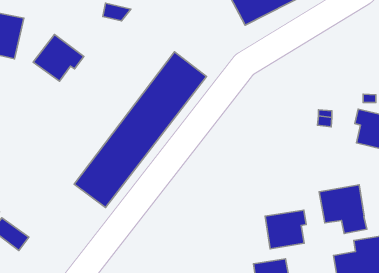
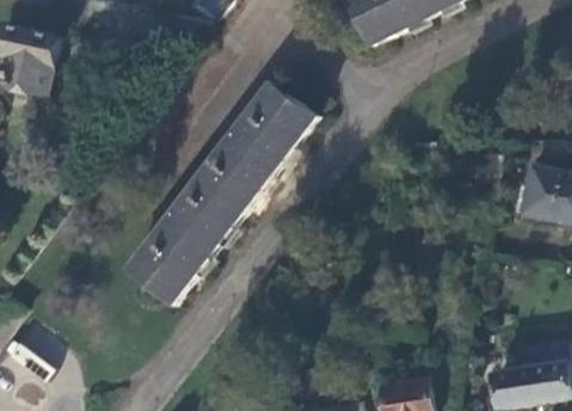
building: [33,34,84,81] -> none
building: [319,185,367,234] -> none
building: [265,210,306,249] -> none

